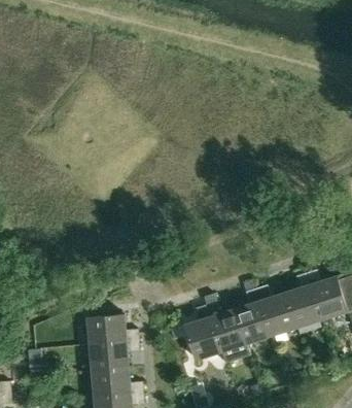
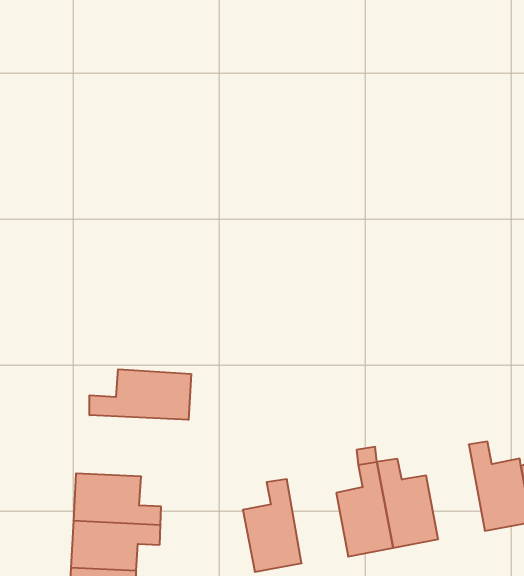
building: none -> [90,369,191,420]
building: [284,273,321,329] -> none
building: [206,302,246,352] -> none

